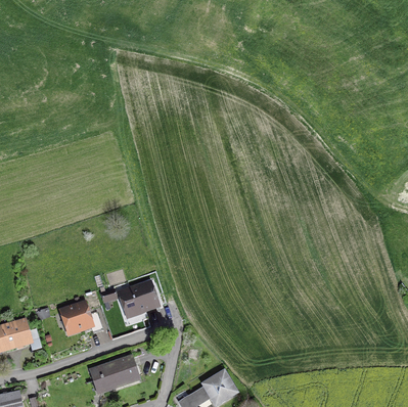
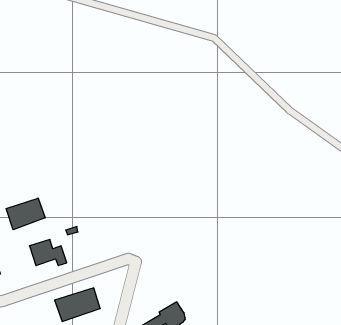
building: none -> [6,198,45,230]
building: [121,282,157,314] -> none

